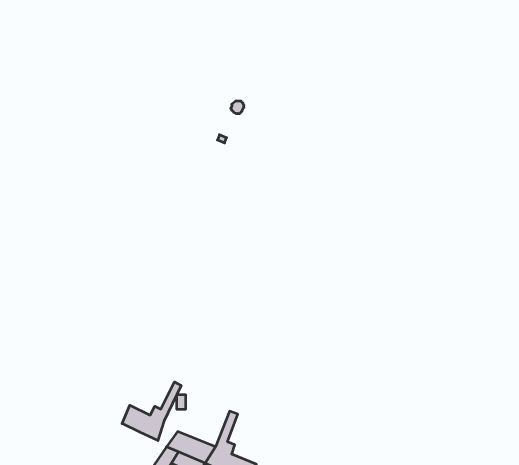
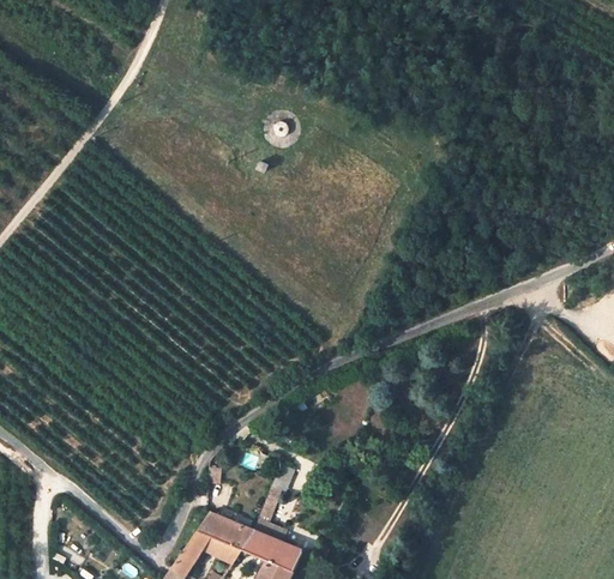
building: [122,382,181,441] -> none

